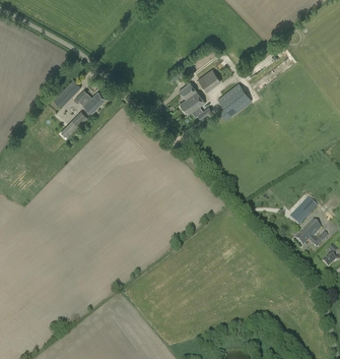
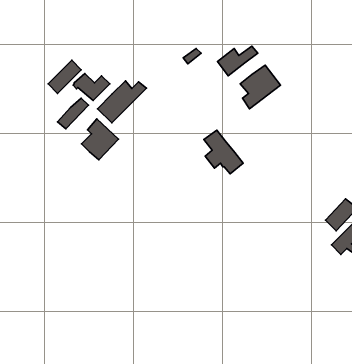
building: [178,81,211,119] -> [204,130,243,174]
building: none -> [98,81,146,123]
building: none -> [81,119,118,160]

